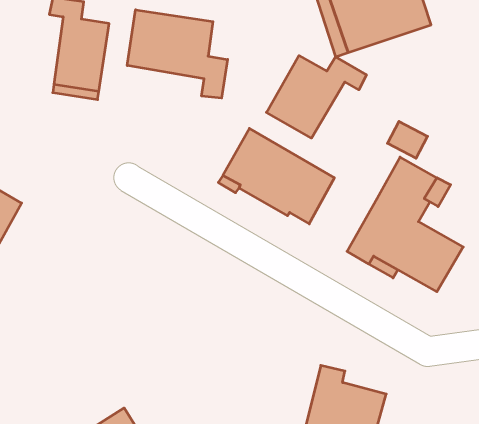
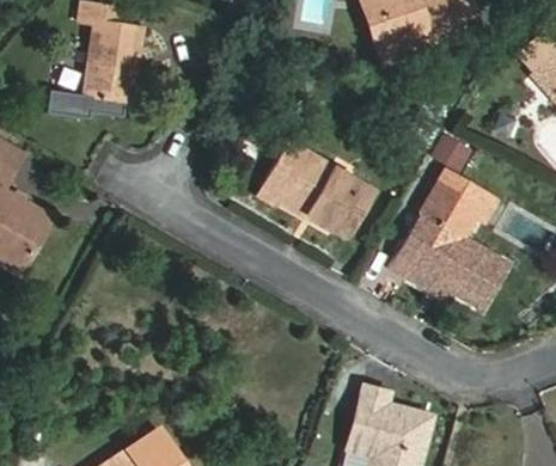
building: [127,10,228,98] -> none
building: [266,56,366,138] -> none

